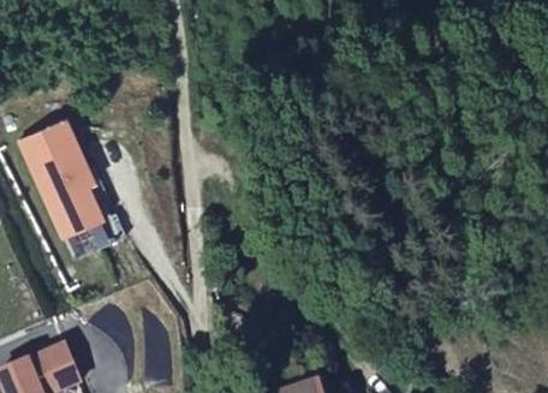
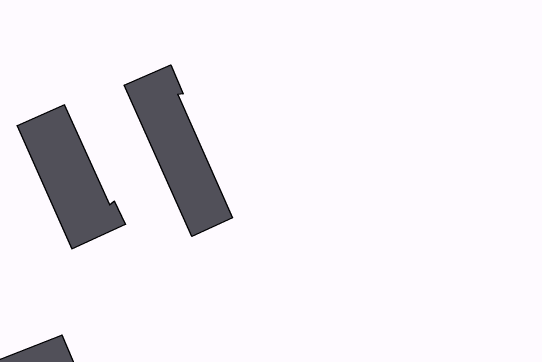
building: none -> [124,65,232,236]

